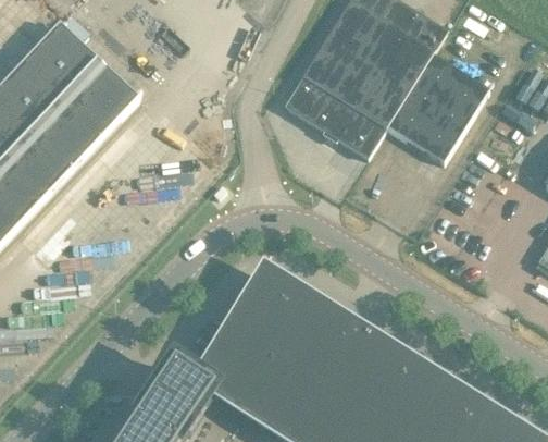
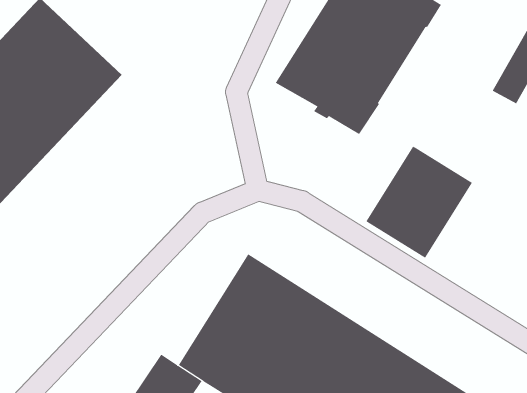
building: [385,49,488,158] -> [366,145,473,258]

